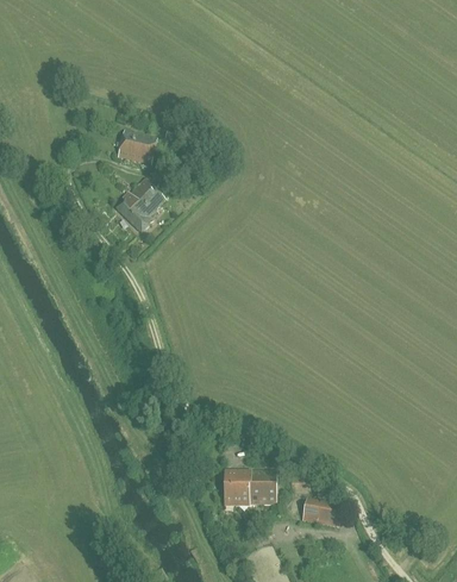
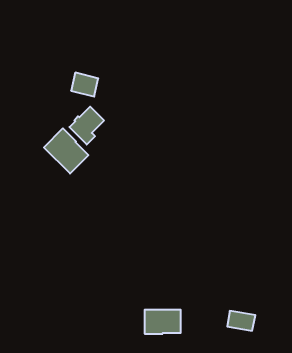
building: none -> [44,128,88,174]
building: [302,496,343,525] -> [227,311,255,331]

